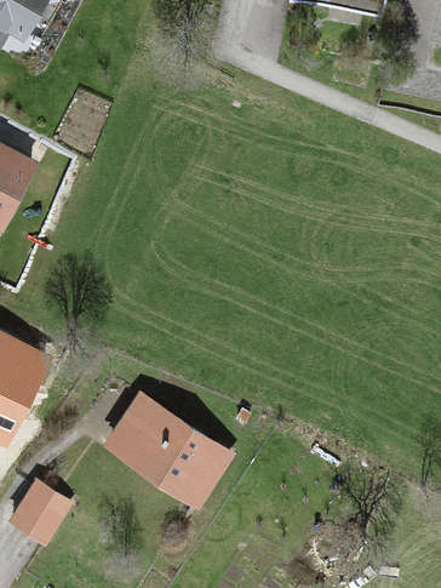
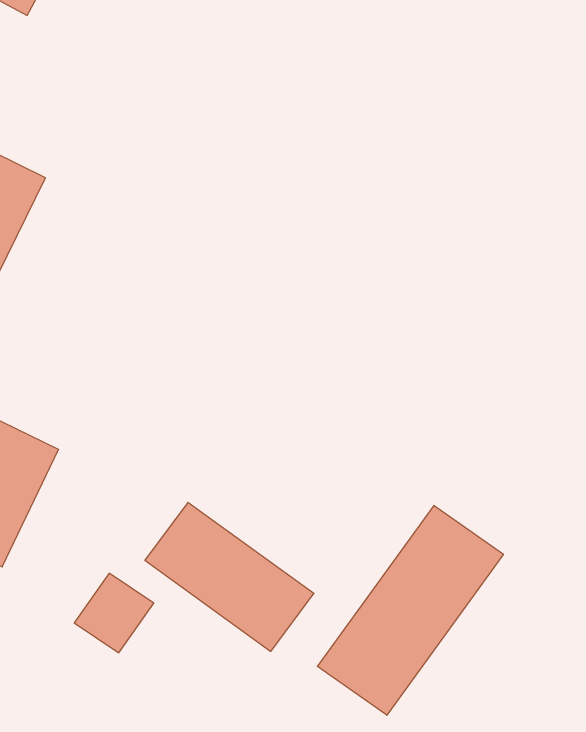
building: none -> [317,505,503,715]
building: [15,486,73,544] -> [74,573,154,653]

